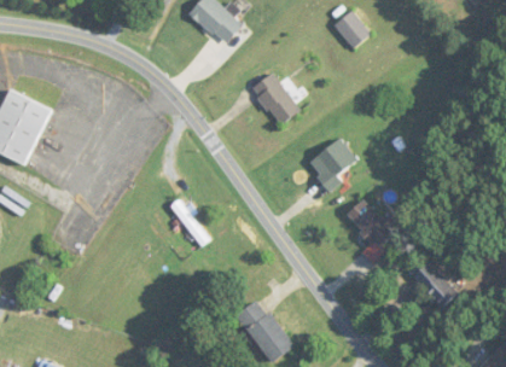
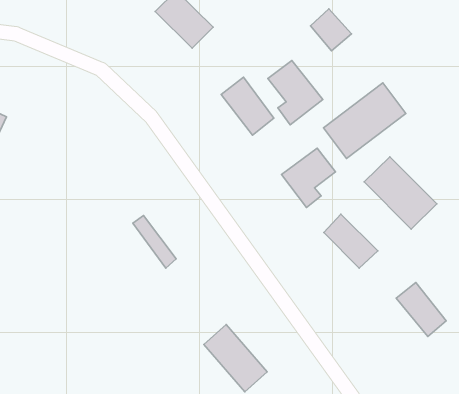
building: none -> [268,61,323,125]
building: none -> [324,83,406,159]
building: none -> [364,157,437,229]

